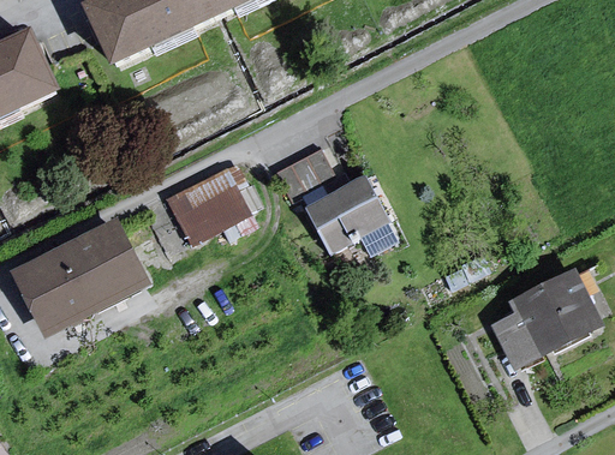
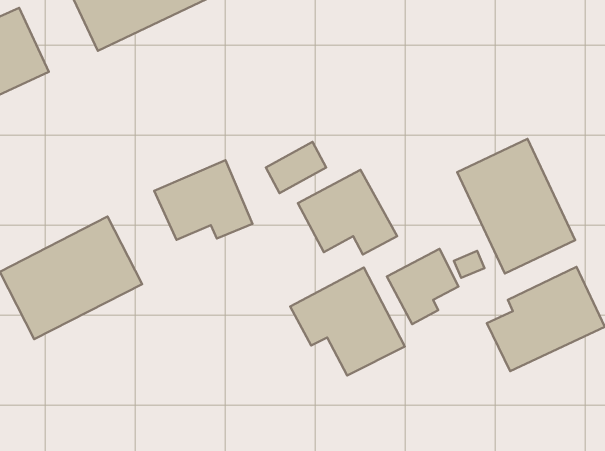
building: none -> [457,139,575,273]
building: none -> [387,249,459,324]
building: none -> [290,268,405,376]

